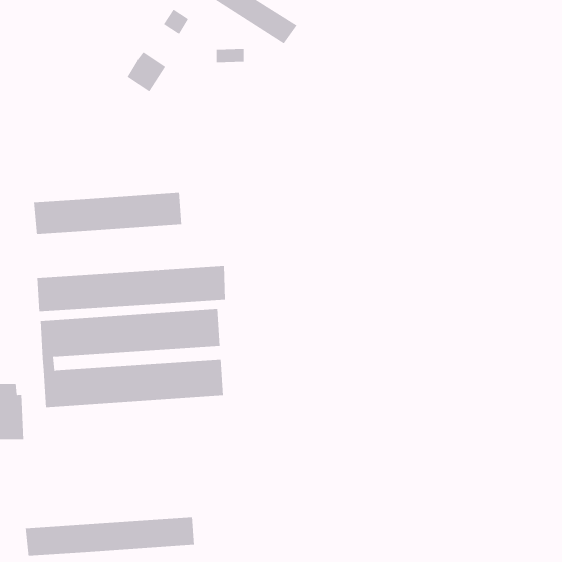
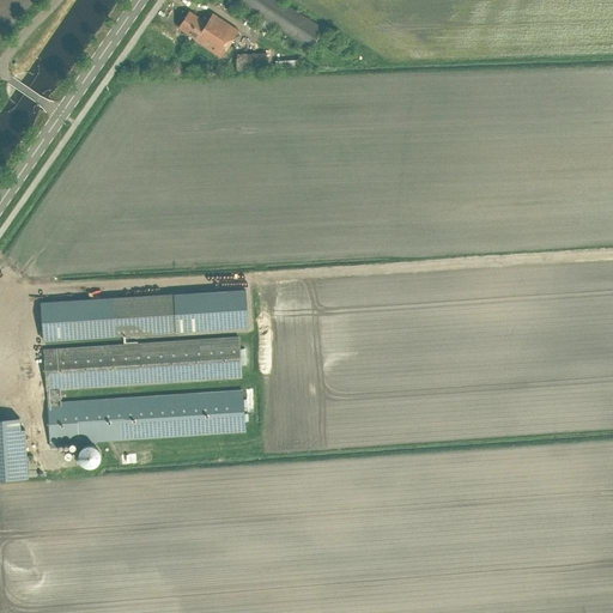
building: [127,51,166,92] -> [194,12,237,56]
building: [33,192,182,235] -> none
building: [25,516,194,556] -> none

